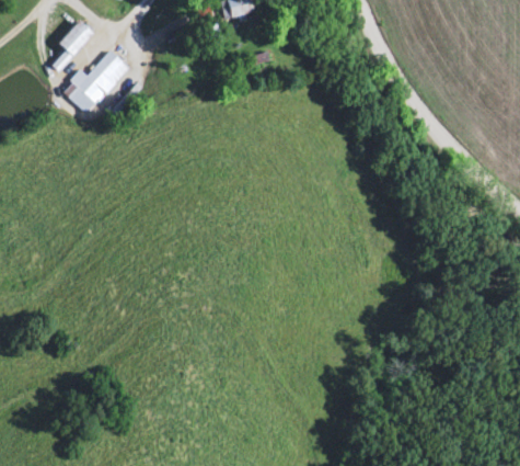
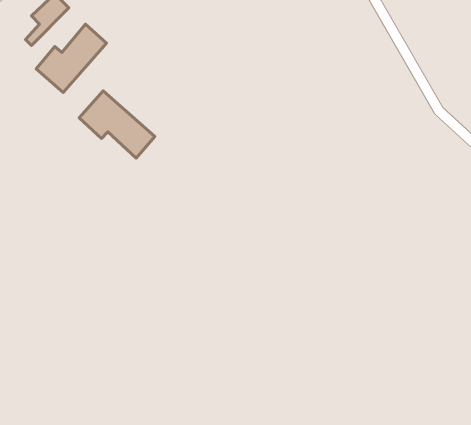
building: none -> [79,91,155,158]

